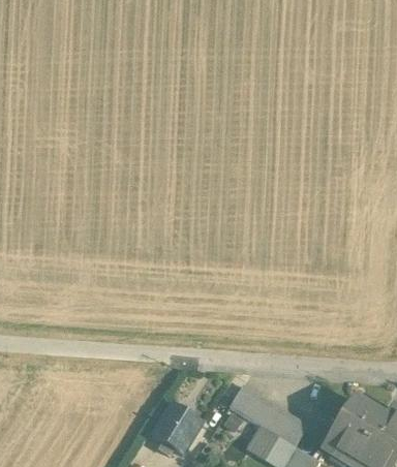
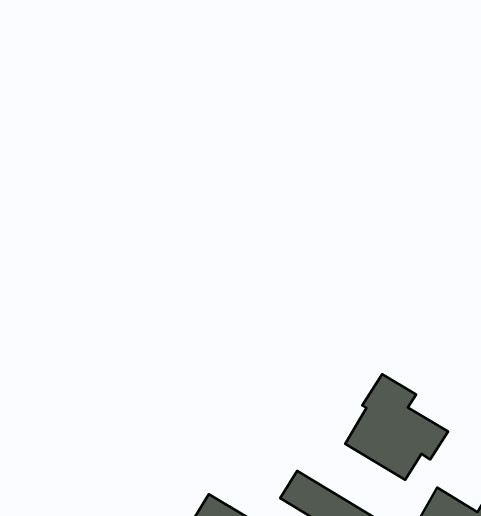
building: none -> [345,374,448,480]

